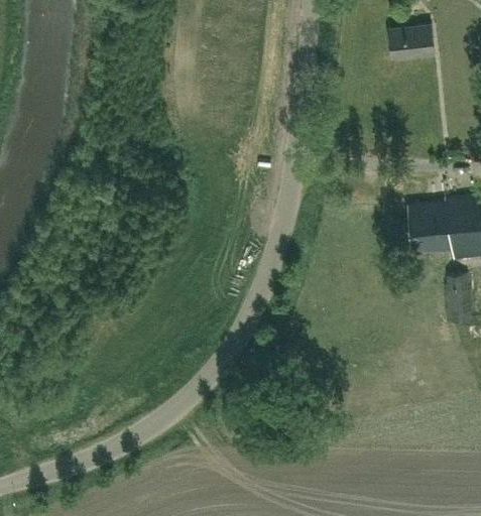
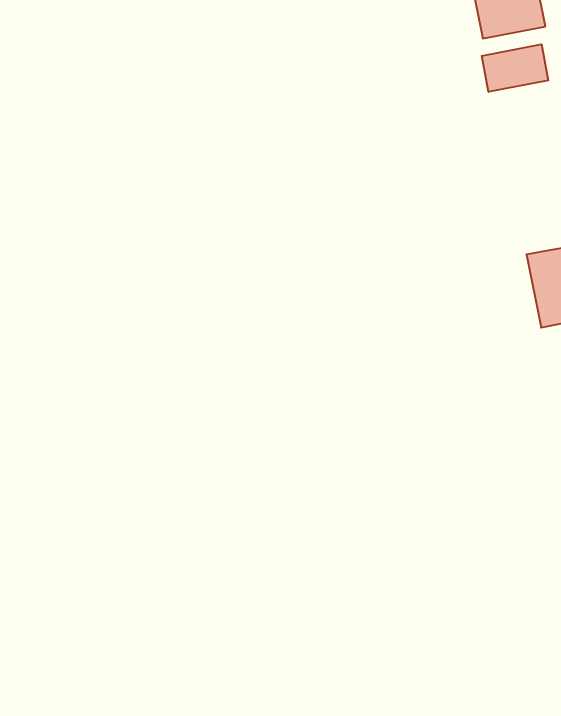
building: none -> [482,44,548,92]

